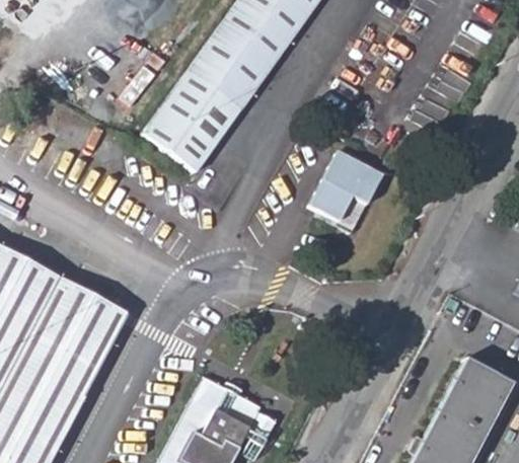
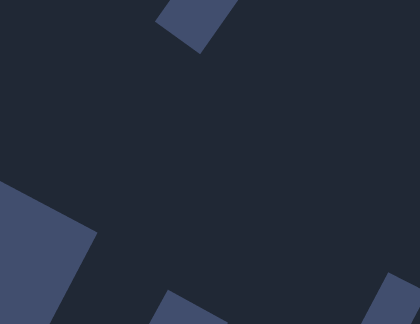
building: [142,67,244,172] -> none
building: [309,150,382,231] -> none

